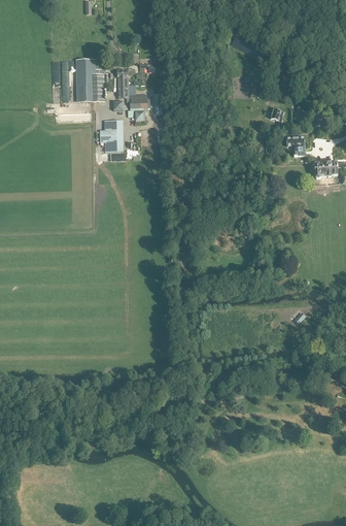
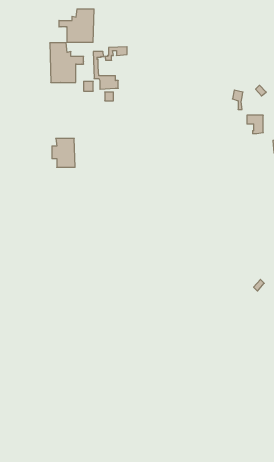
building: none -> [59,9,94,42]
building: [98,122,123,153] -> [52,138,75,167]

